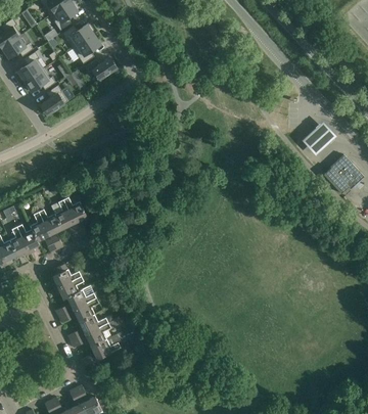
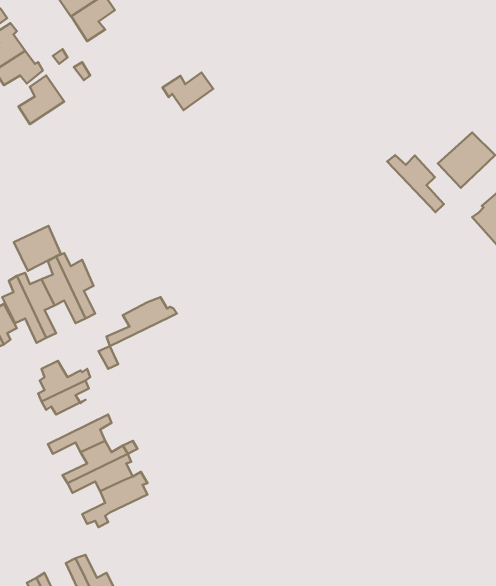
building: [84,57,116,81] -> [162,73,213,110]
building: none -> [387,155,444,212]
building: none -> [14,226,61,271]
building: [55,285,99,316] -> [107,297,177,346]

